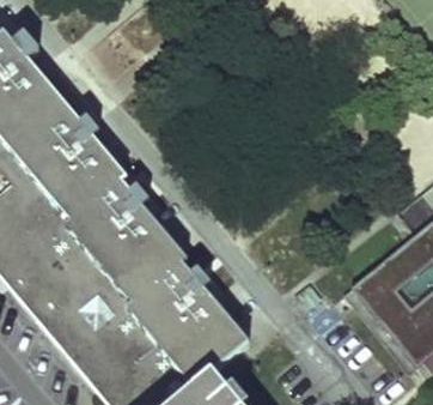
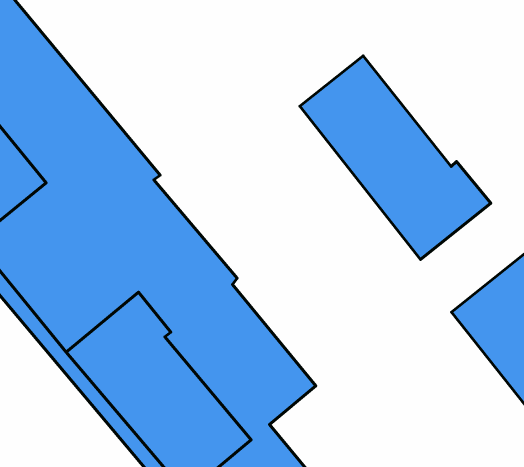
building: none -> [300,56,491,260]

